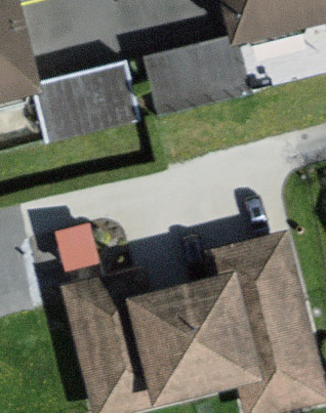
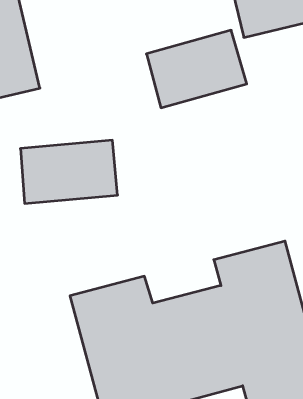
building: [40,67,136,129] -> [20,140,118,203]

